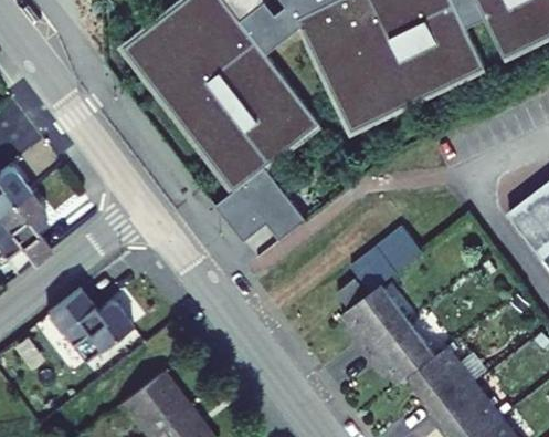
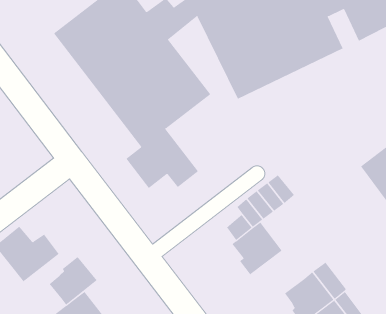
building: [369,320,436,383] -> none
building: none -> [49,256,98,305]

